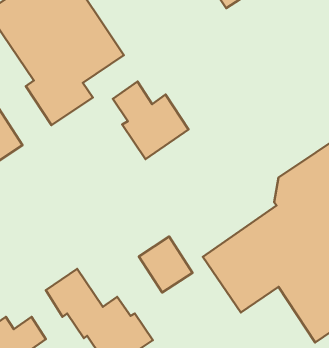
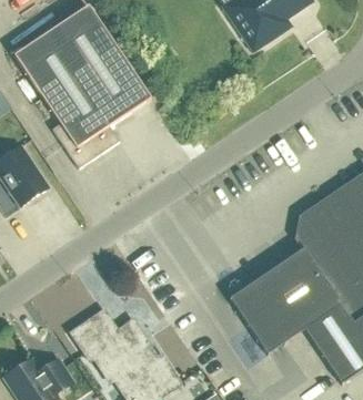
building: [113,82,189,159] -> none
building: [139,237,193,293] -> none

